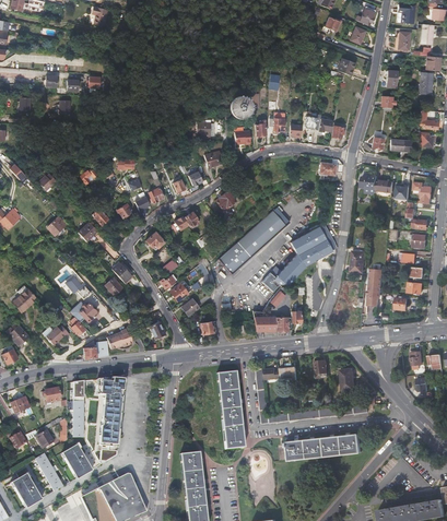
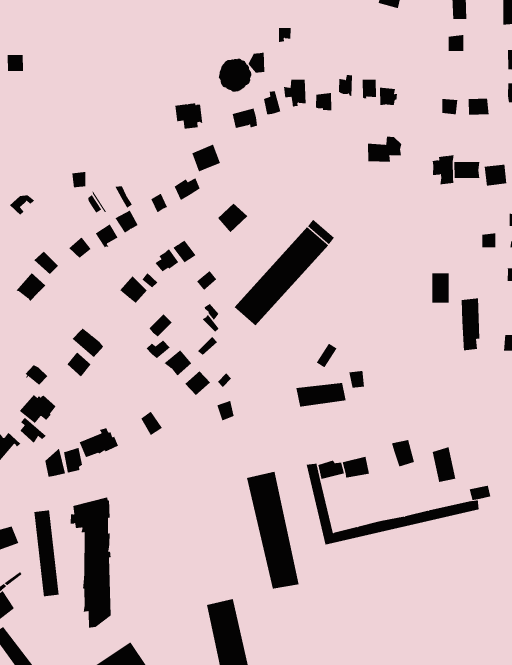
building: [262,223,337,292] -> none
building: [280,434,361,461] -> none
building: [62,442,92,476] -> none

